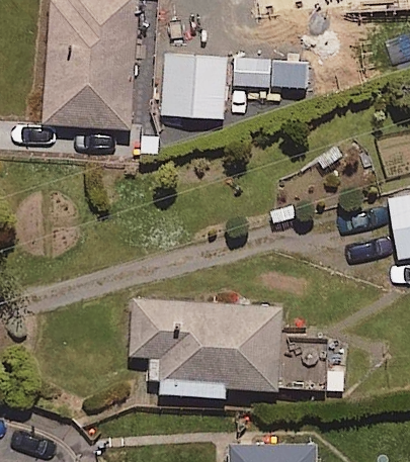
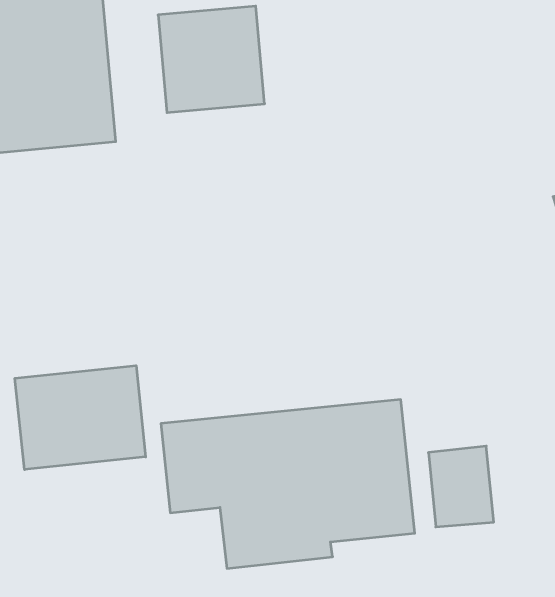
building: none -> [15,366,146,470]

